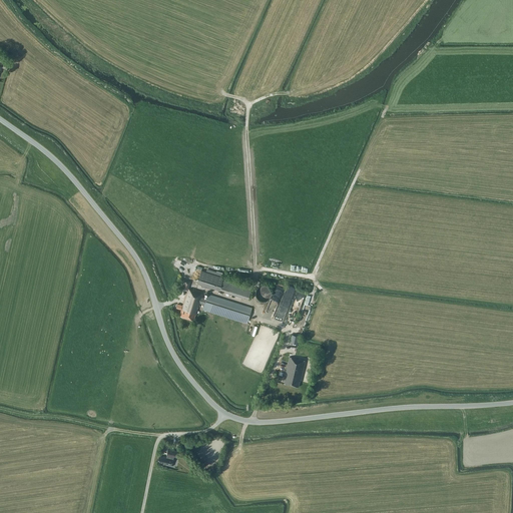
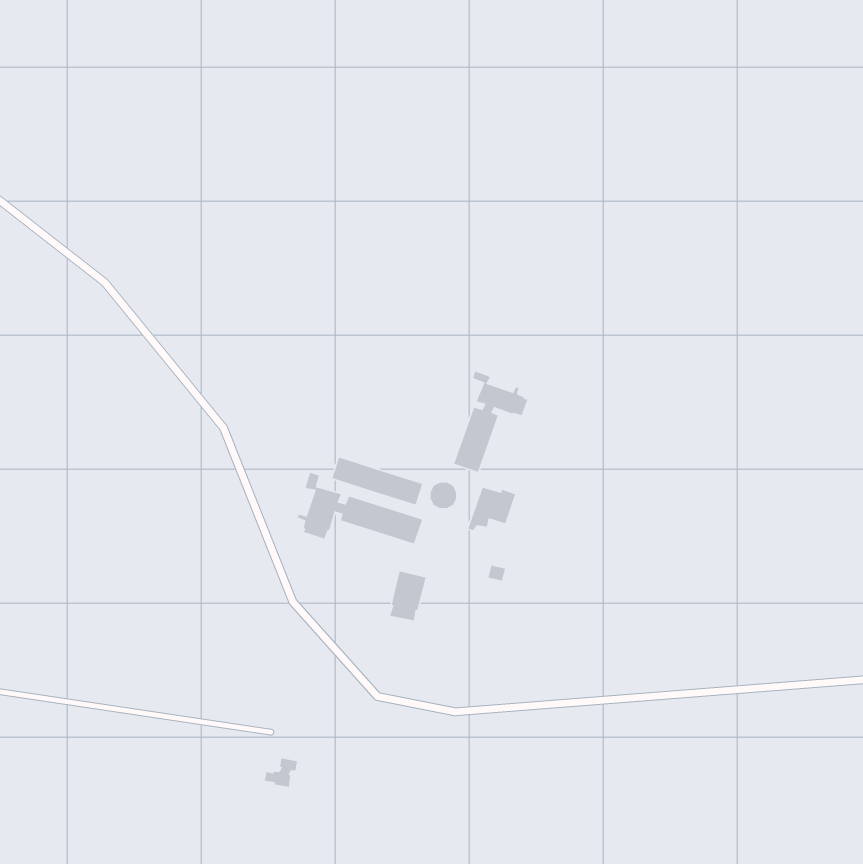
building: none -> [453,371,529,473]
building: [283,357,305,387] -> [389,570,426,621]

